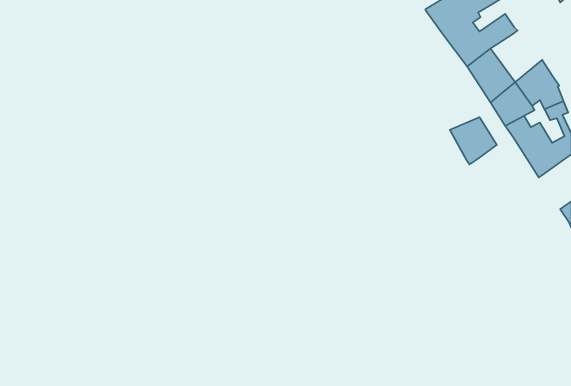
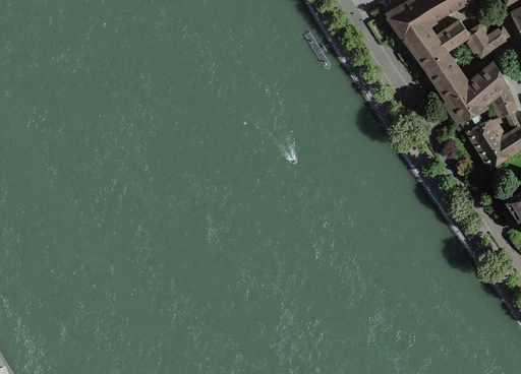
building: none -> [467,23,510,57]
building: [450,117,497,164] -> none

